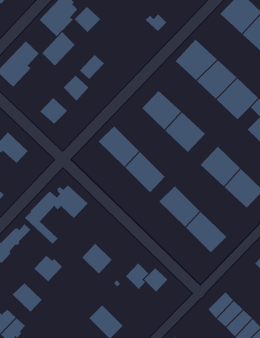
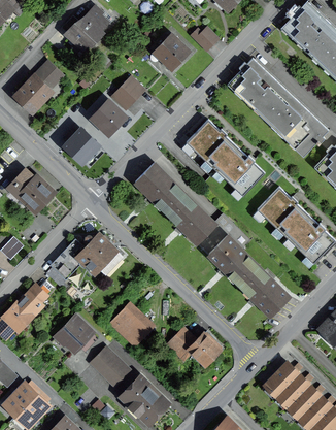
building: [74,6,101,33] -> [155,35,188,67]
building: [42,31,75,67] -> none
building: [12,283,43,313] -> [91,348,128,384]

